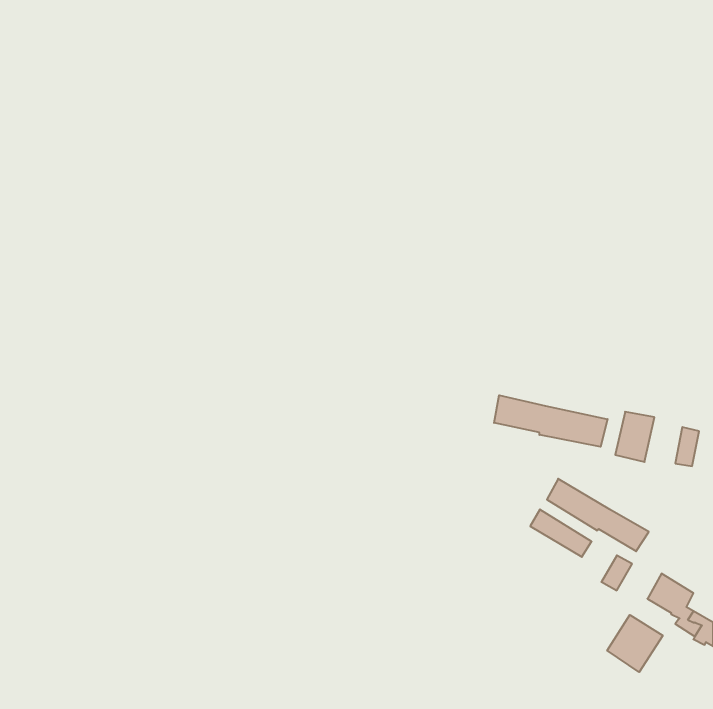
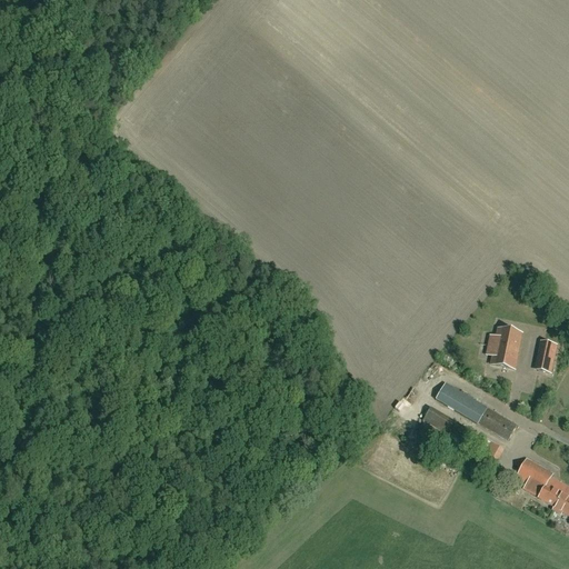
building: [494,395,608,447] -> none
building: [607,615,663,672] -> none

